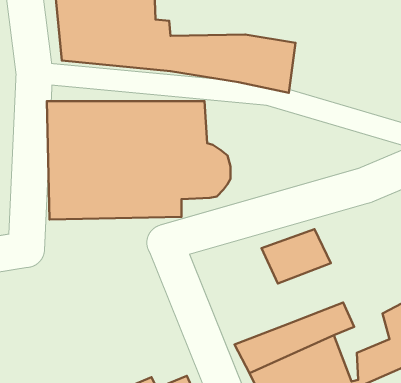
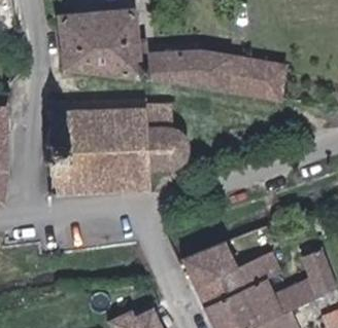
building: none -> [233,57,283,100]
building: [262,229,331,284] -> [179,244,232,285]

